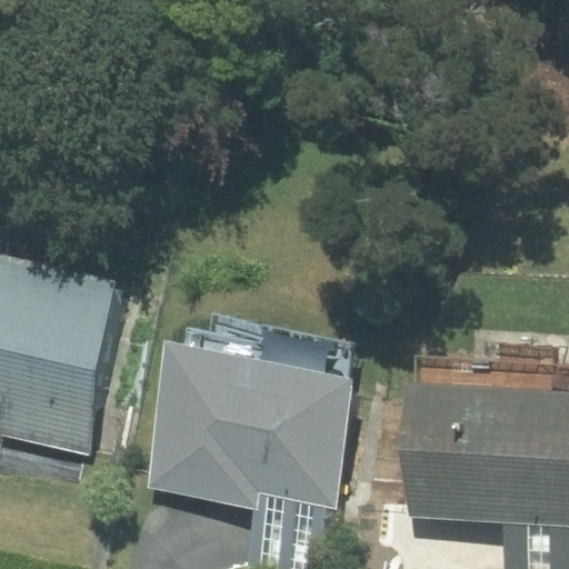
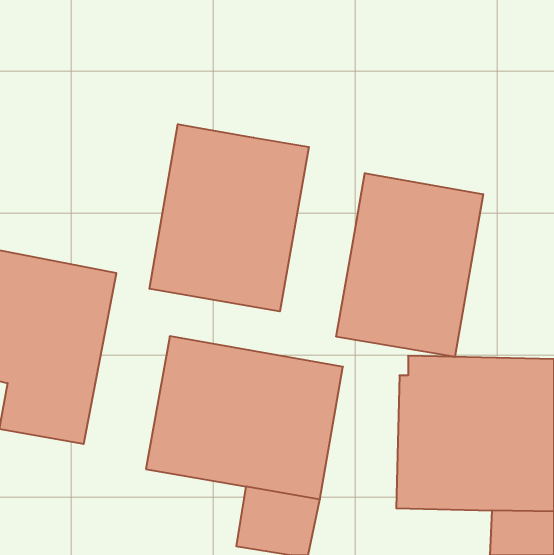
building: none -> [150,124,309,311]
building: none -> [336,173,483,357]

